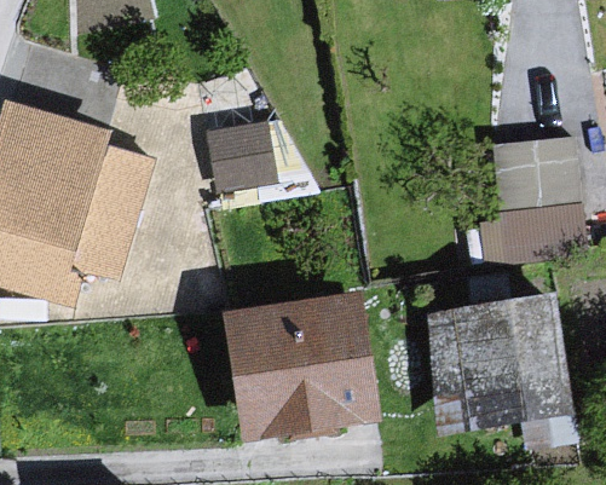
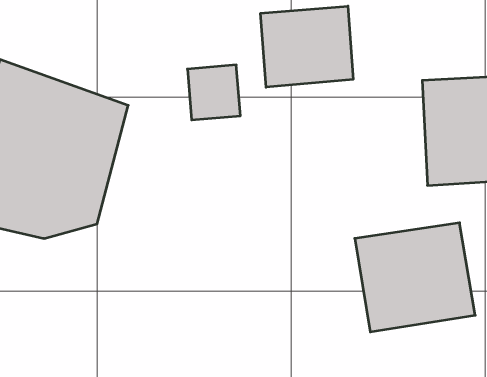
building: none -> [261,6,353,87]
building: [206,295,364,449] -> none

